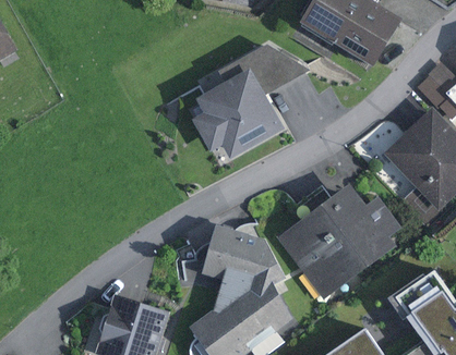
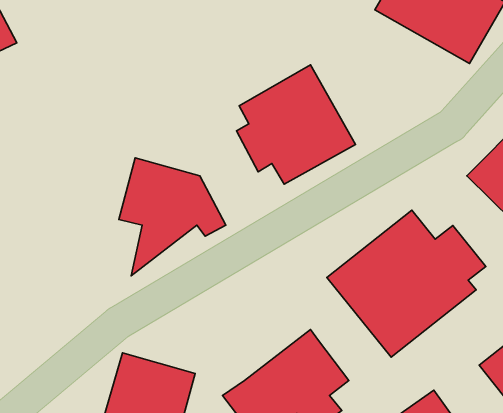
building: [195,224,280,318] -> [119,158,226,276]

